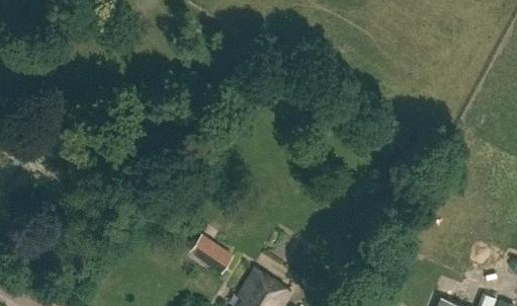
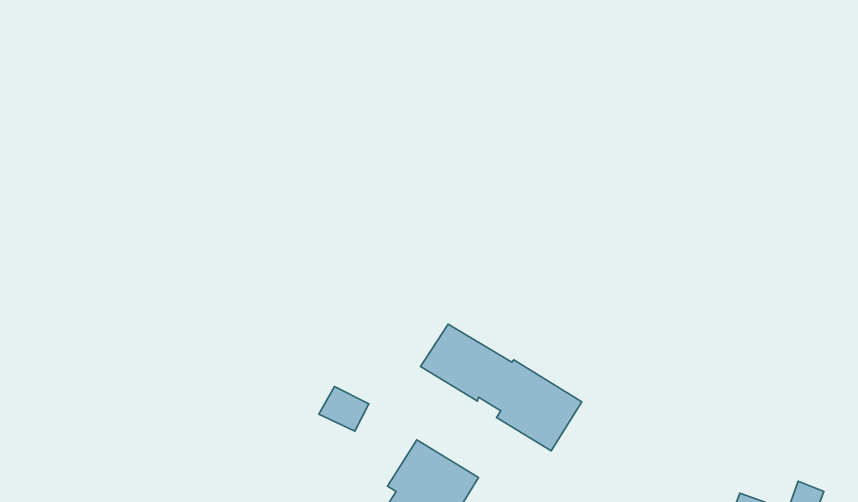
building: none -> [420,324,582,451]

